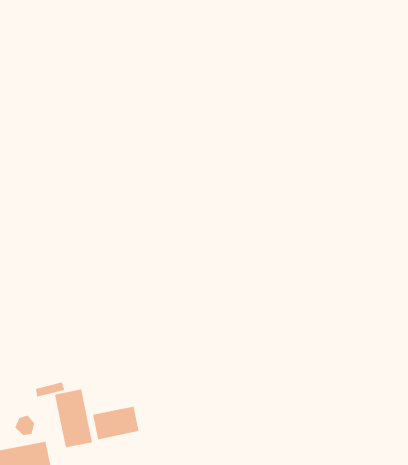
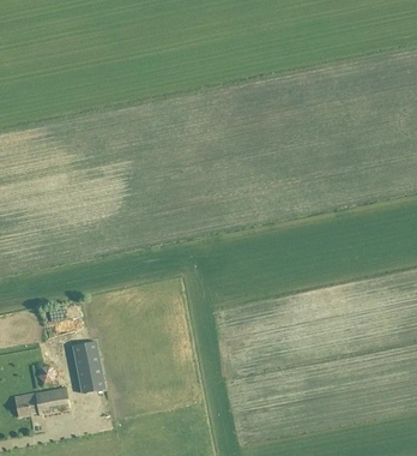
building: [92,406,139,440] -> none

